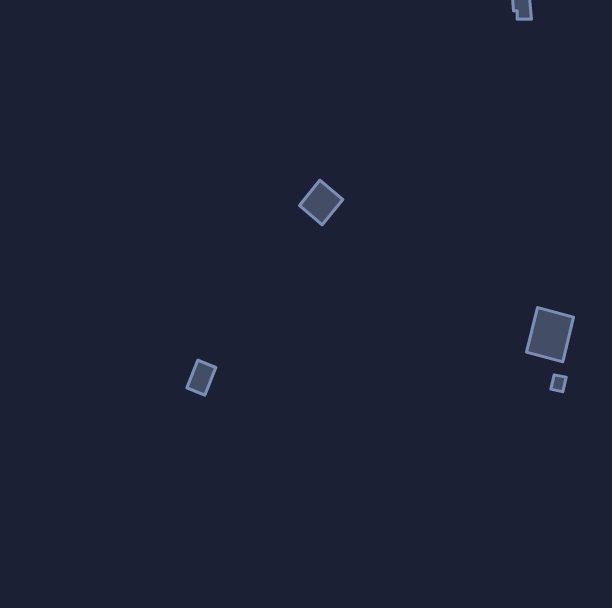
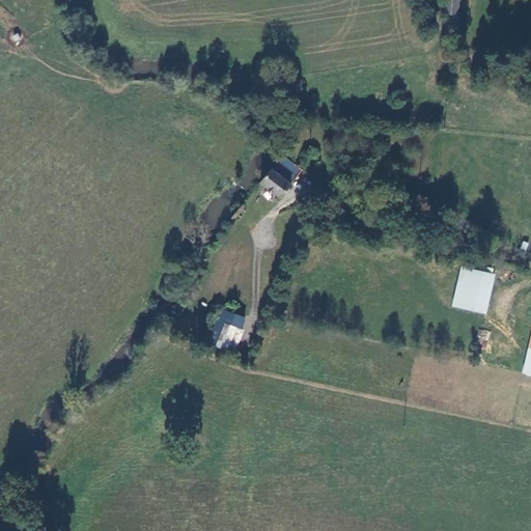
building: [187,360,216,395] -> [216,318,241,348]

